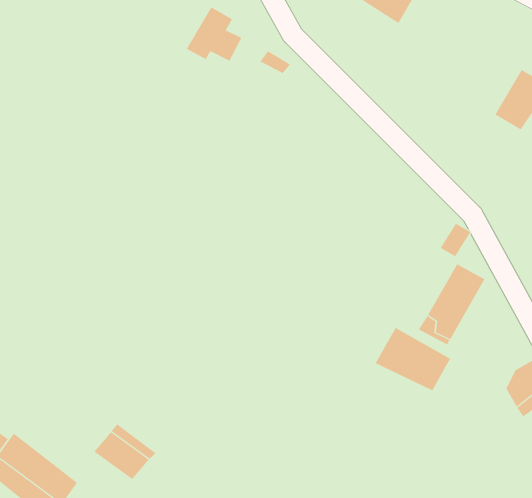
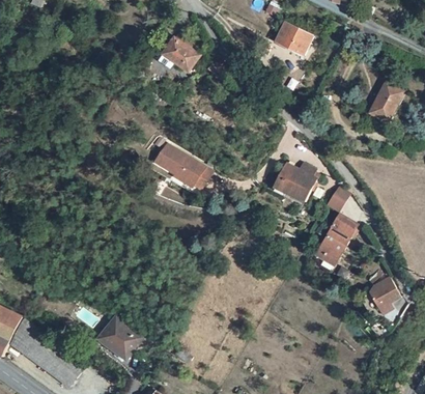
building: none -> [153,141,209,186]
building: none -> [272,165,314,202]
building: [375,327,451,391] -> none

